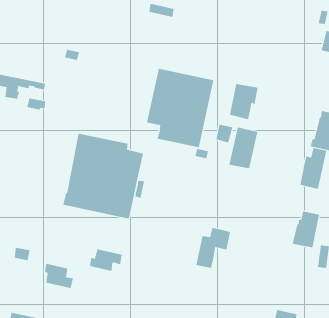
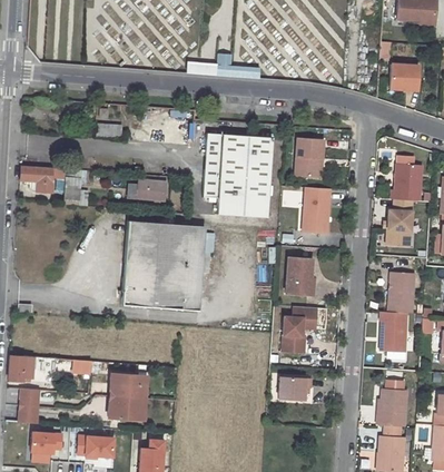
building: none -> [135,178,165,200]
building: none -> [286,256,313,294]
building: none -> [379,311,406,357]
building: [89,249,122,272] -> [109,395,145,419]
building: none -> [279,376,313,400]

